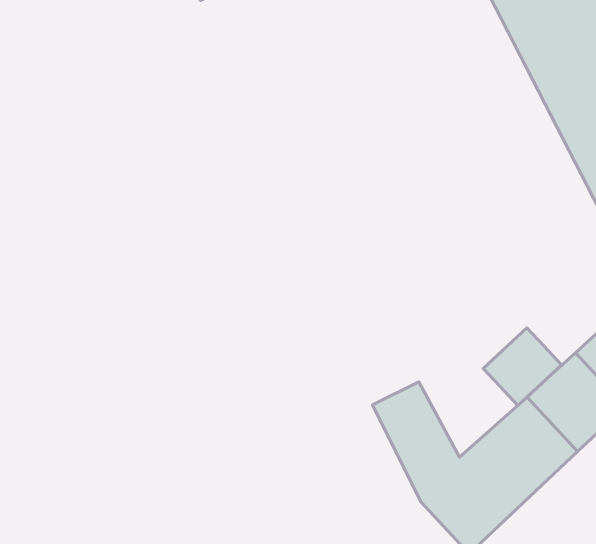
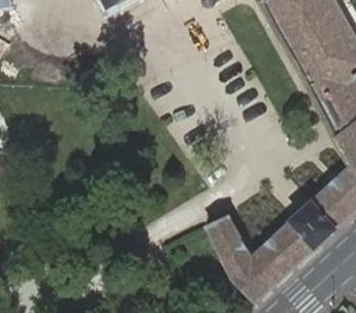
building: [483,328,561,406] -> none

